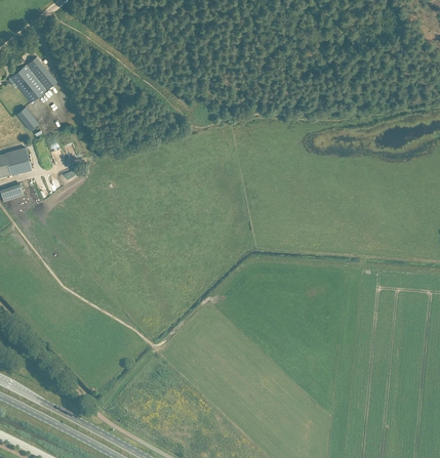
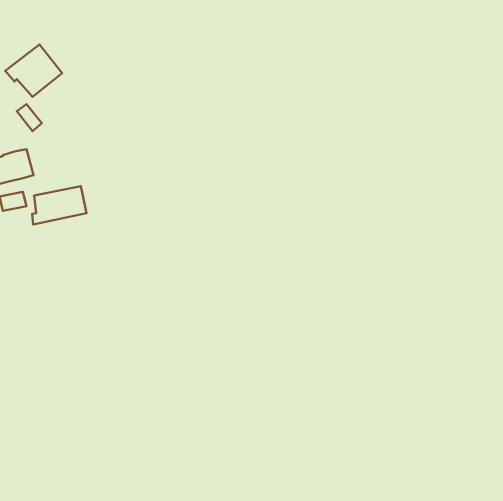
building: none -> [32,186,86,225]

